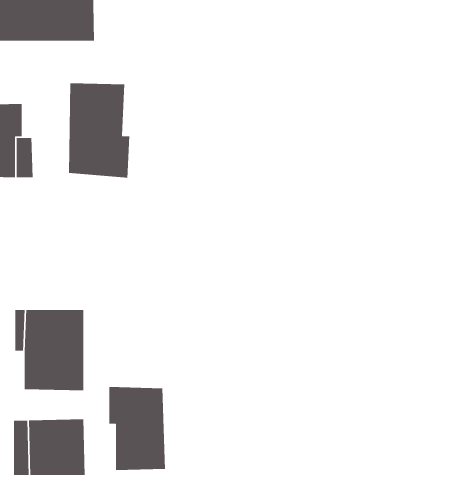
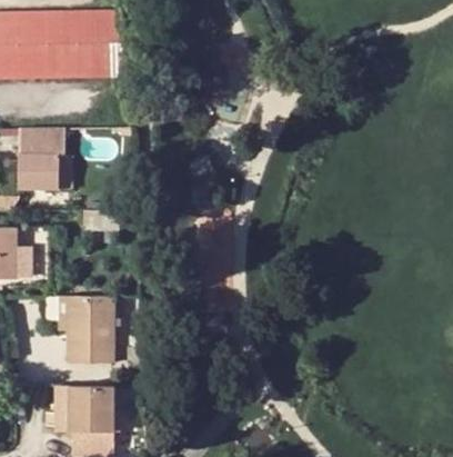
building: [68,82,130,179] -> none
building: [109,386,166,471] -> none

